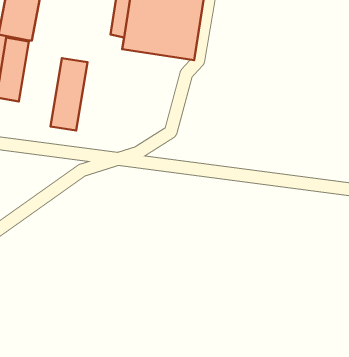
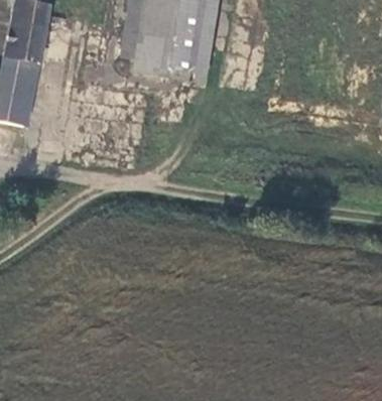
building: [50,58,88,130] -> none

